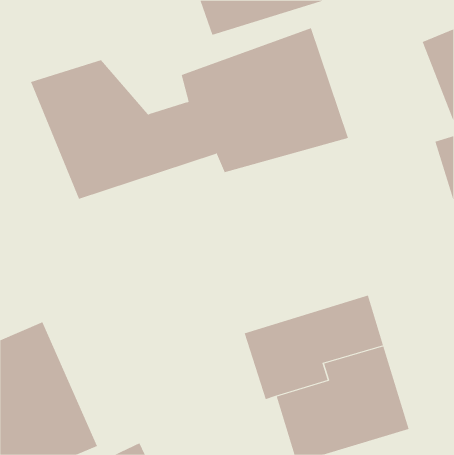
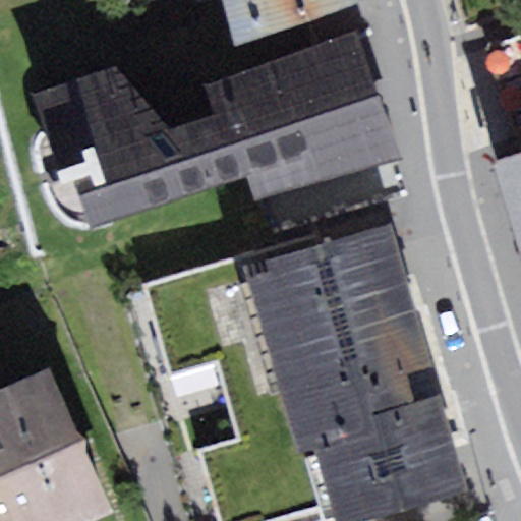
building: none -> [245,225,421,381]

